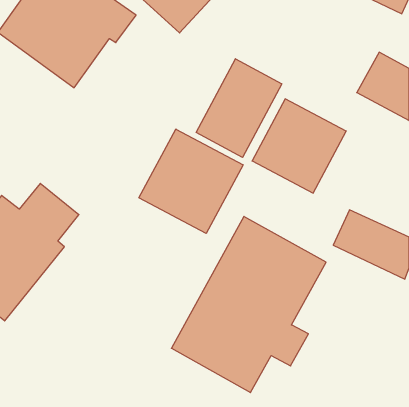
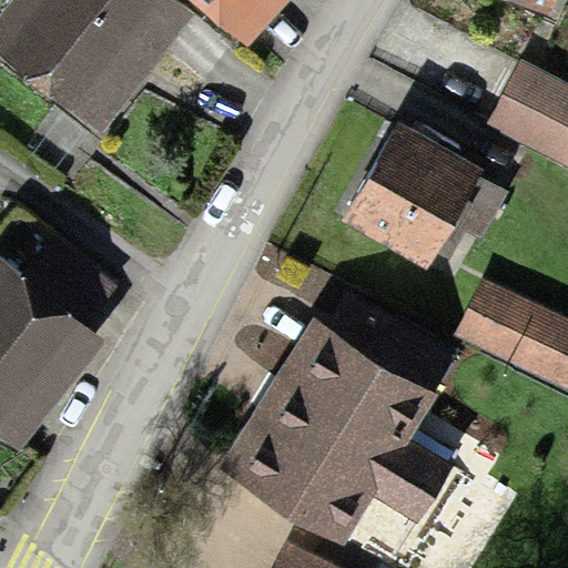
building: [196,59,282,157] -> none
building: [139,129,243,233] -> none

